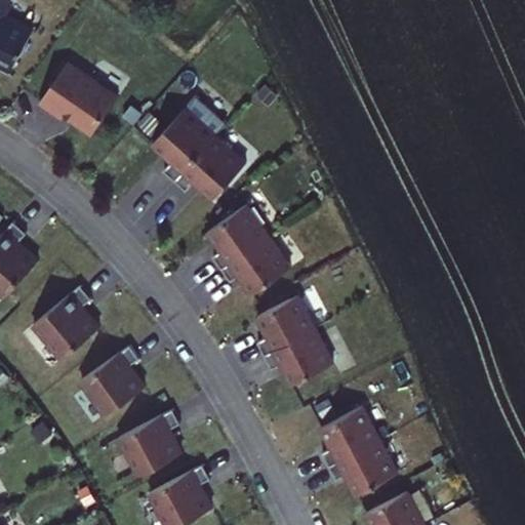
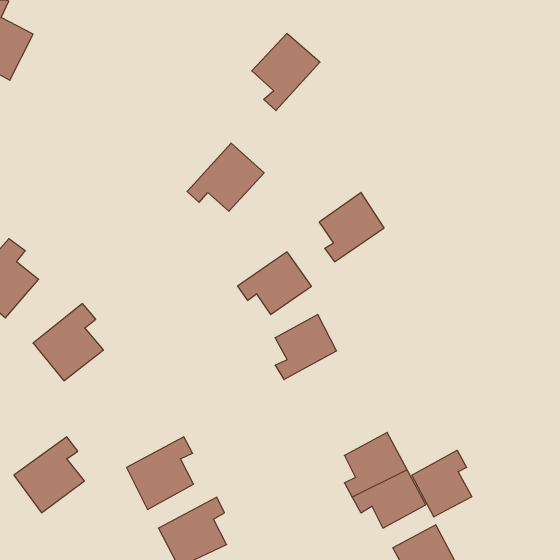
building: [39,64,118,135] -> none
building: [152,109,215,180] -> [252,34,320,111]
building: [207,204,268,269] -> [319,192,384,262]
building: [265,329,332,386] -> none
building: [77,348,143,418] -> [14,437,84,513]
building: none -> [412,450,472,517]

